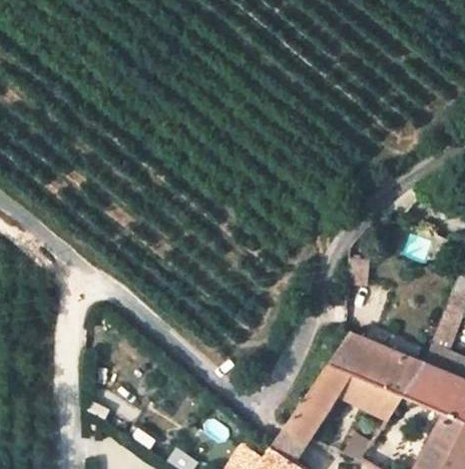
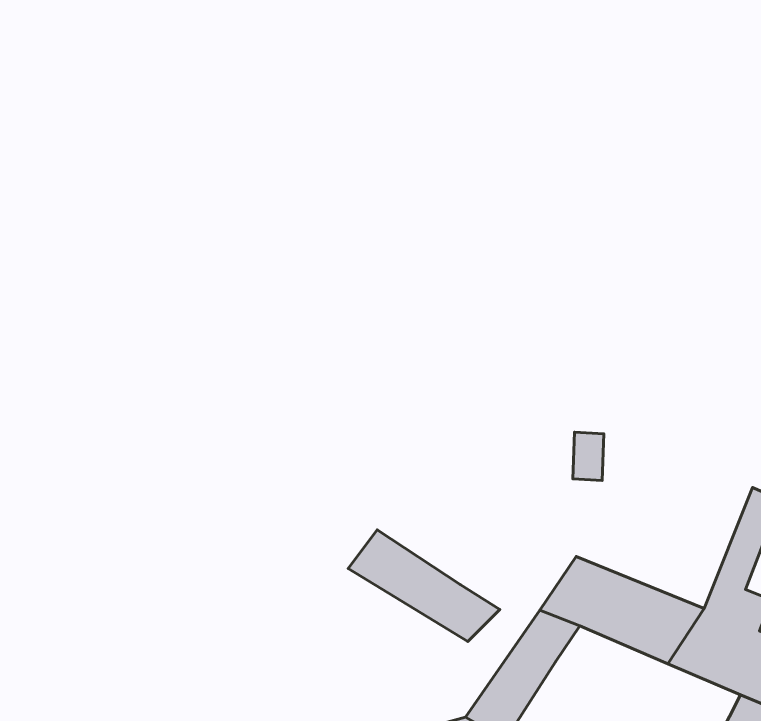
building: none -> [348,530,500,642]
building: [338,373,403,419] -> none

